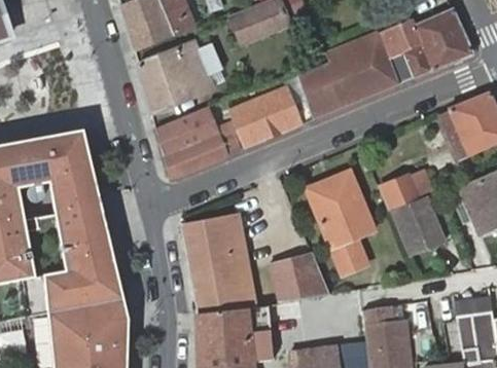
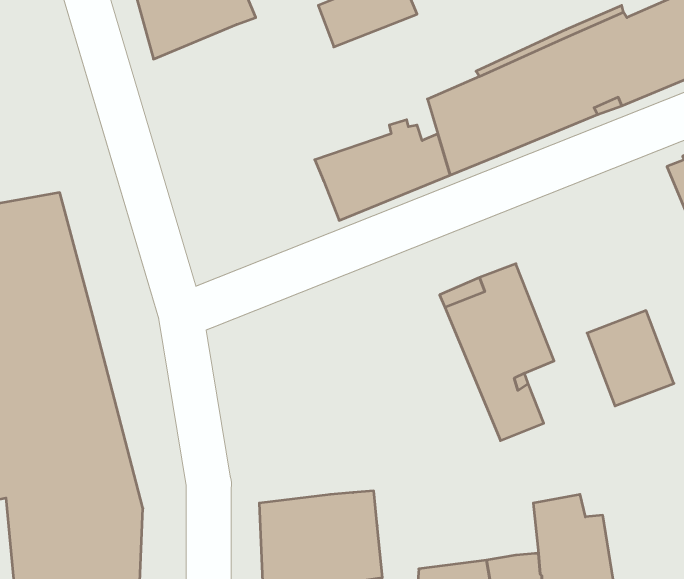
building: [139,42,214,113] -> none
building: [157,107,246,174] -> none
building: [379,172,432,212] -> none
building: [182,216,254,314] -> none
building: [271,255,328,303] -> none

